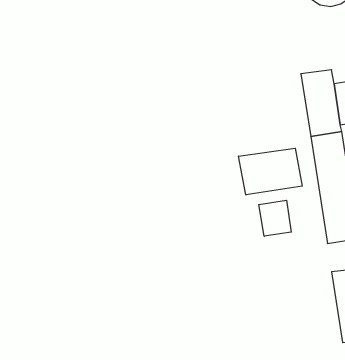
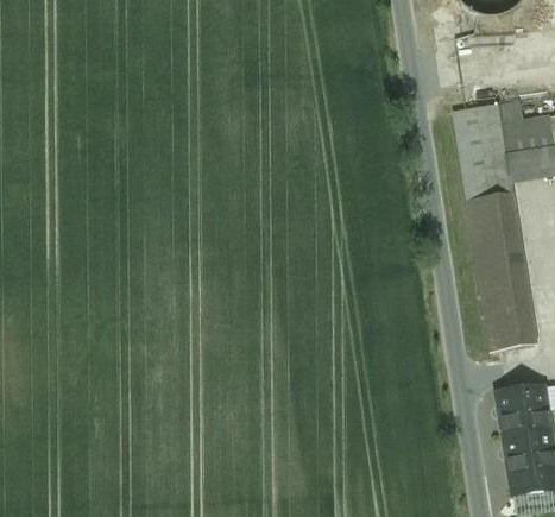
building: [239,148,302,195] -> none
building: [259,200,291,236] -> none

